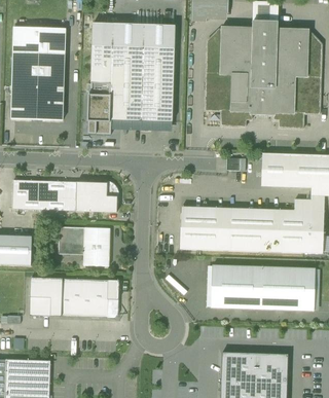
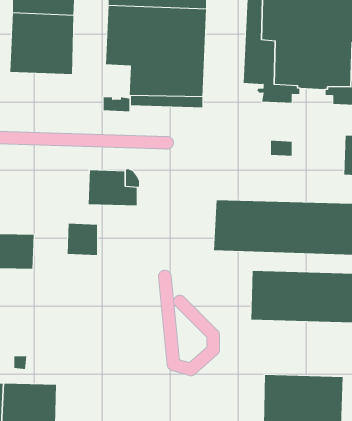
building: [87,95,110,123] -> none
building: [10,101,63,119] -> none
building: [260,153,288,186] -> none
building: [11,179,76,211] -> none
building: [82,227,109,265] -> none
building: [29,277,118,318] -> none

